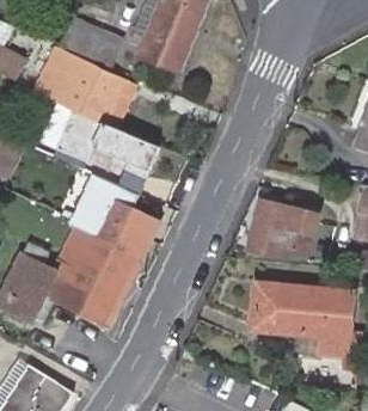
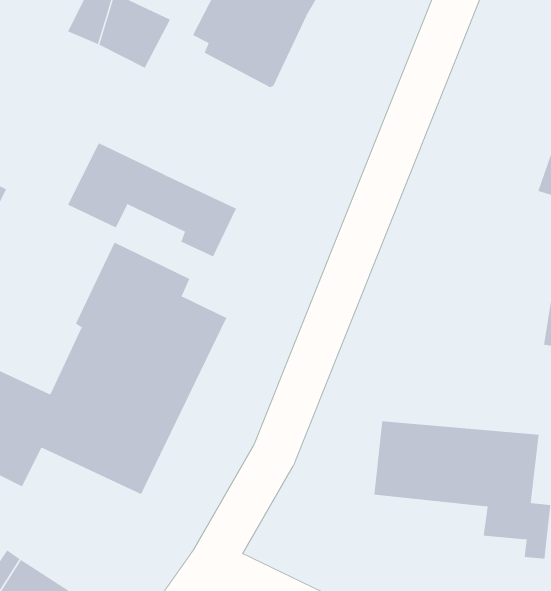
building: [37,49,133,129] -> none
building: [250,201,323,260] -> none

